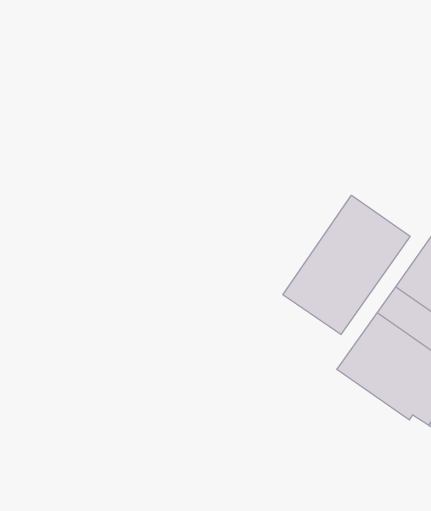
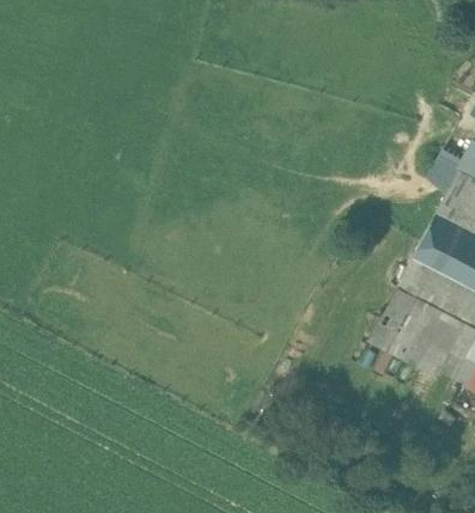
building: [283,195,410,335] -> none

